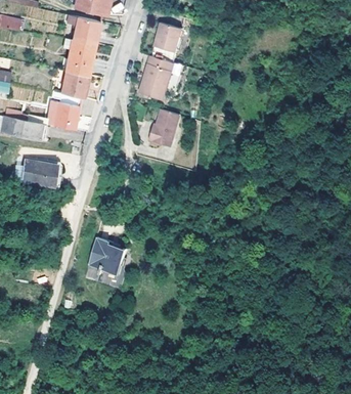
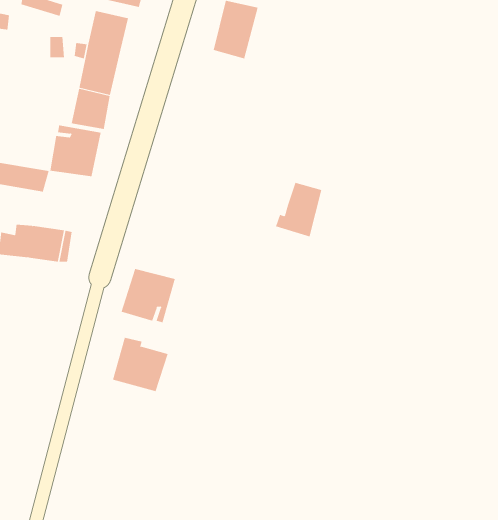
building: [140,55,183,99] -> none
building: [148,110,180,146] -> [275,182,322,237]
building: none -> [121,268,175,323]

